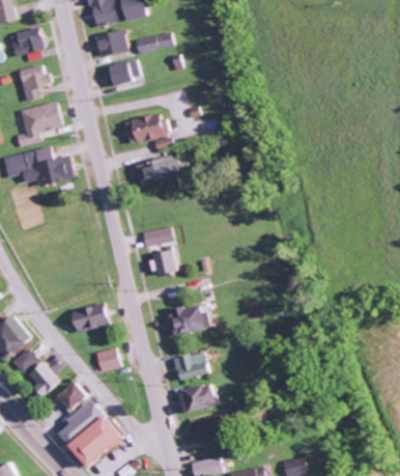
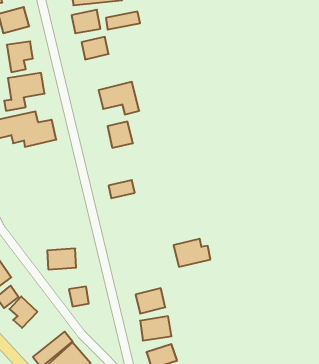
building: [146,249,172,275] -> none
building: [165,303,207,335] -> [174,239,210,267]
building: [54,381,83,410] -> none

